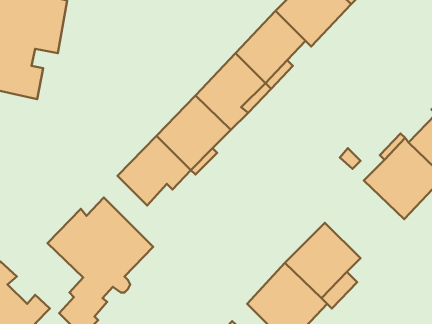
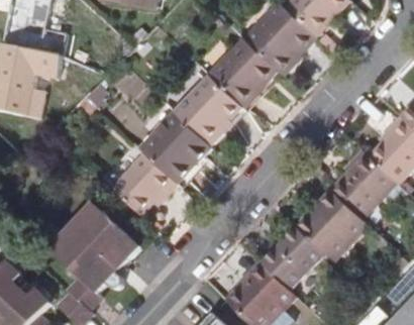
building: none -> [292,190,367,266]

